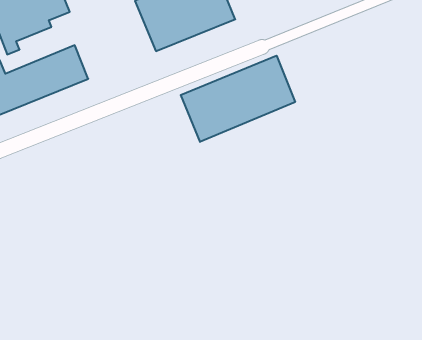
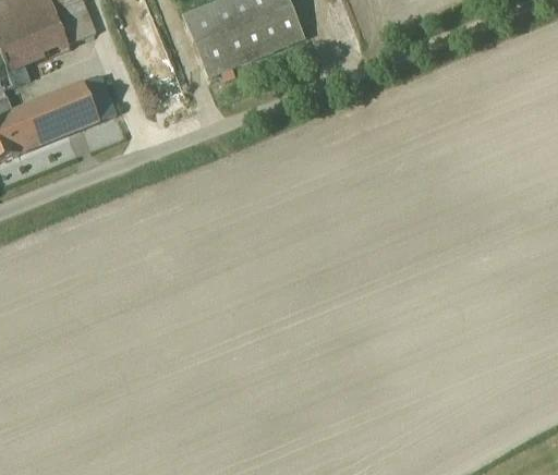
building: [181,56,295,142] -> none

